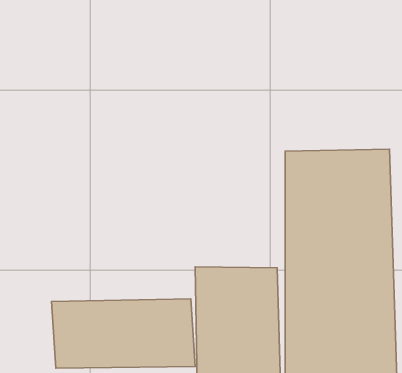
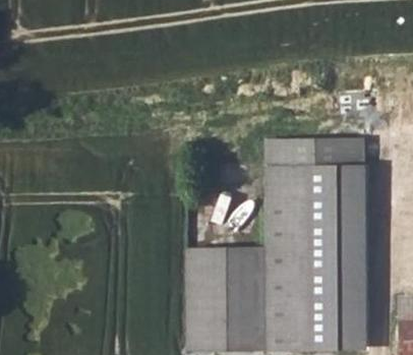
building: [51,299,195,368] -> none

